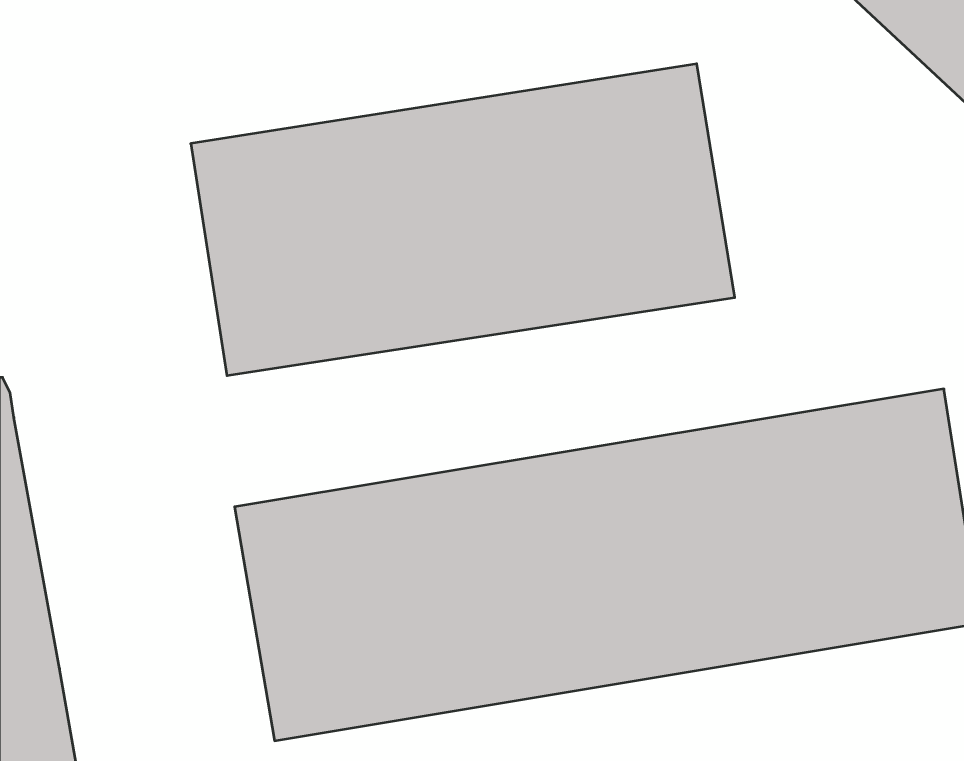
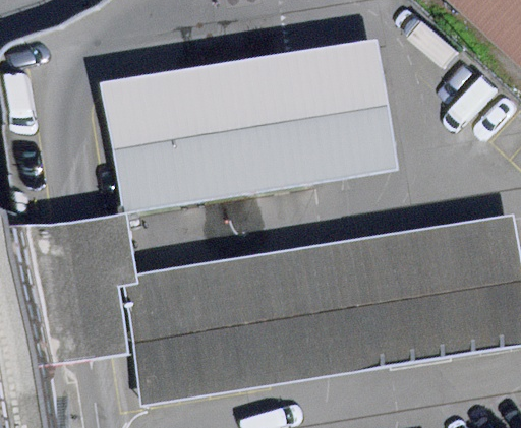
building: none -> [8,215,136,365]

